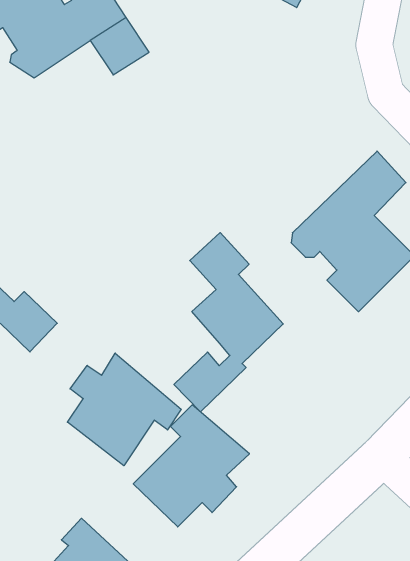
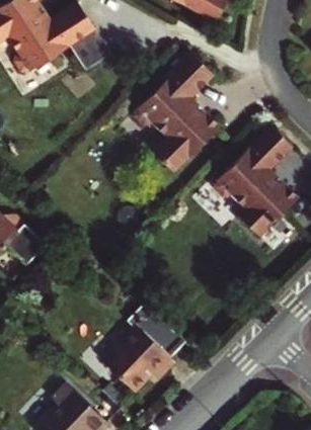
building: none -> [135,52,221,173]
building: [174,233,283,412] -> none
building: [67,353,181,466] -> none

